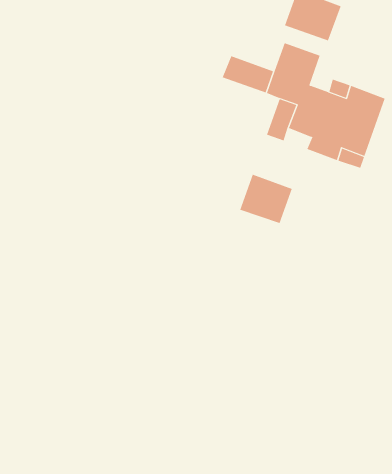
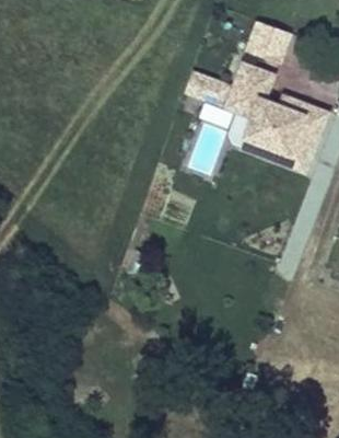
building: [239,174,292,224] -> none

